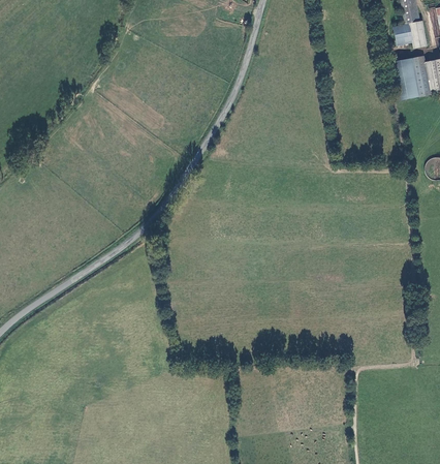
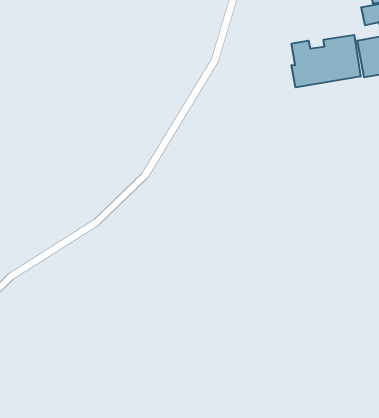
building: none -> [292,35,360,87]

